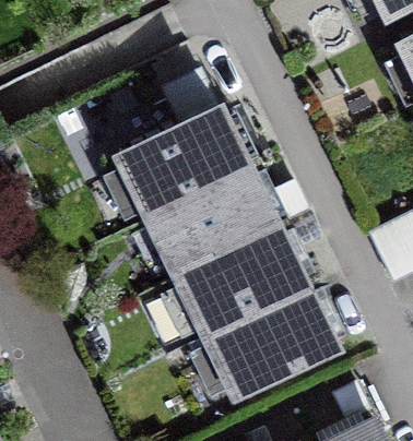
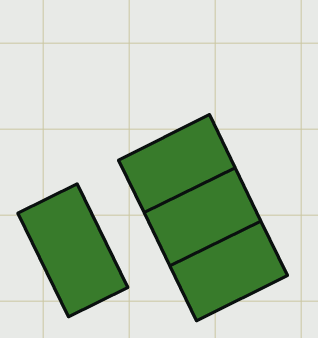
building: [120,70,250,217] -> none
building: none -> [18,184,128,317]

